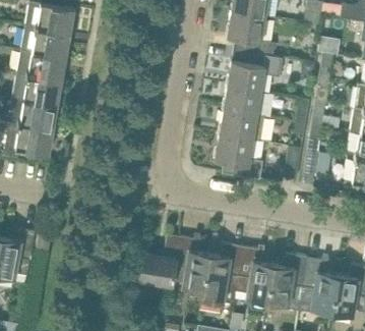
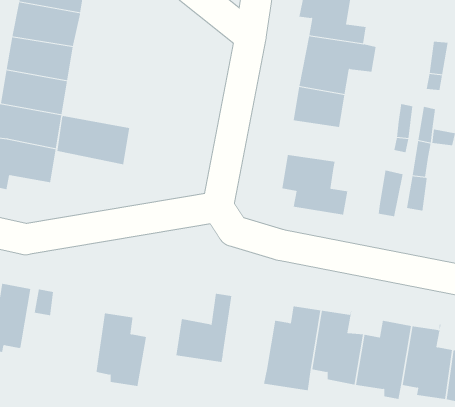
building: none -> [57,115,130,165]
building: [219,111,264,142] -> none
building: [173,236,209,290] -> [96,311,147,386]

